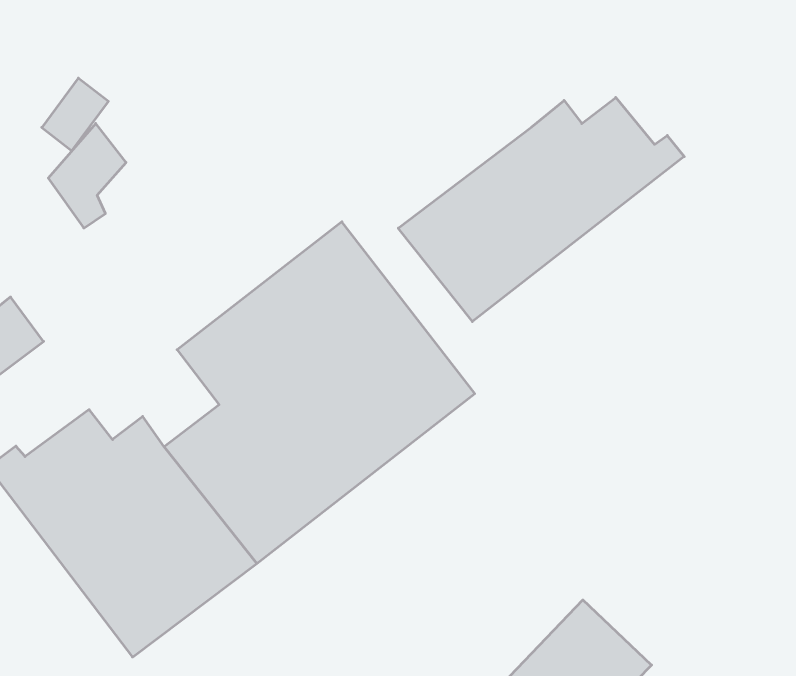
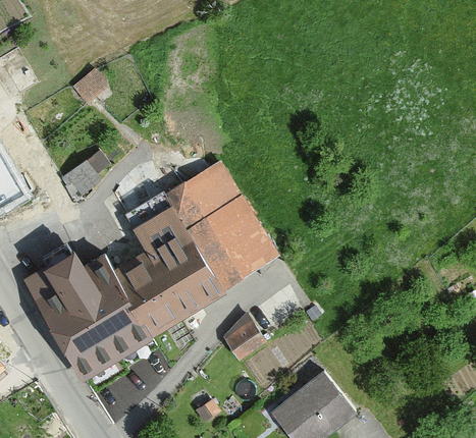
building: [398,97,684,322] -> none
building: [48,123,126,228] -> [63,155,105,209]
building: none -> [222,312,265,360]

